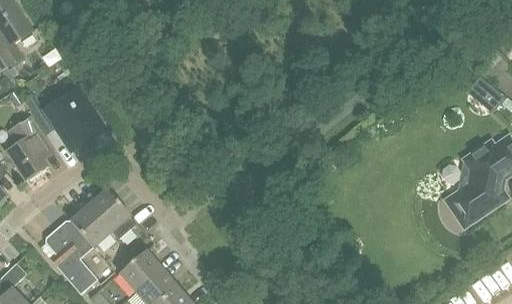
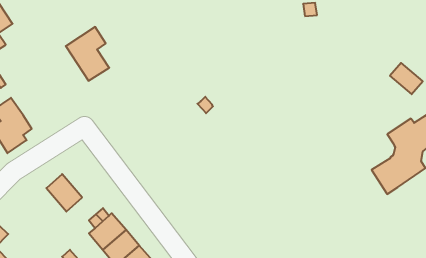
building: [45,88,95,150] -> [66,27,109,81]
building: [89,188,137,238] -> none
building: [45,220,98,294] -> none

